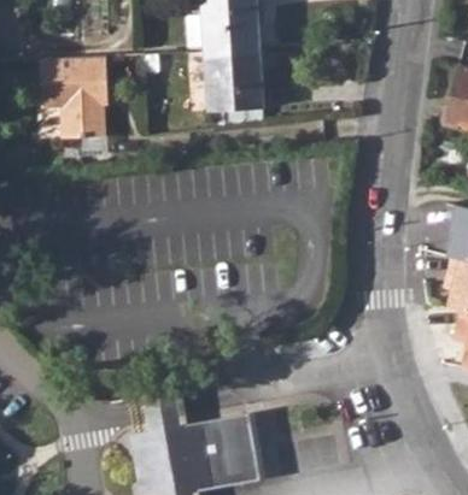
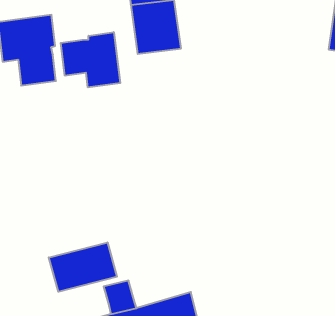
building: none -> [61,32,120,87]
building: none -> [49,242,117,292]

